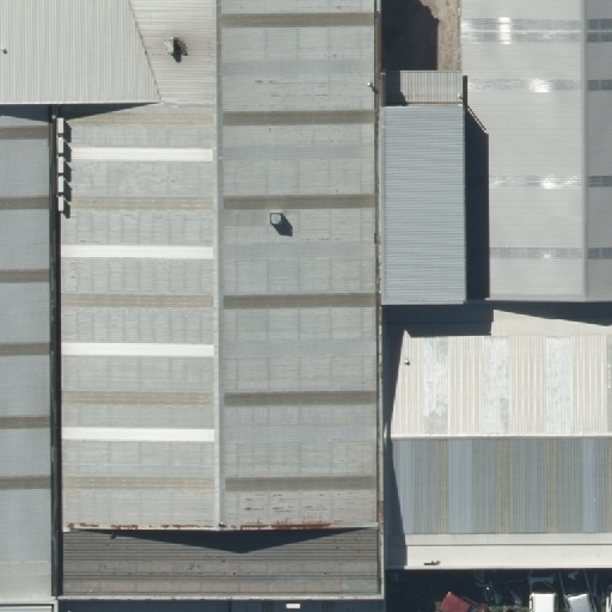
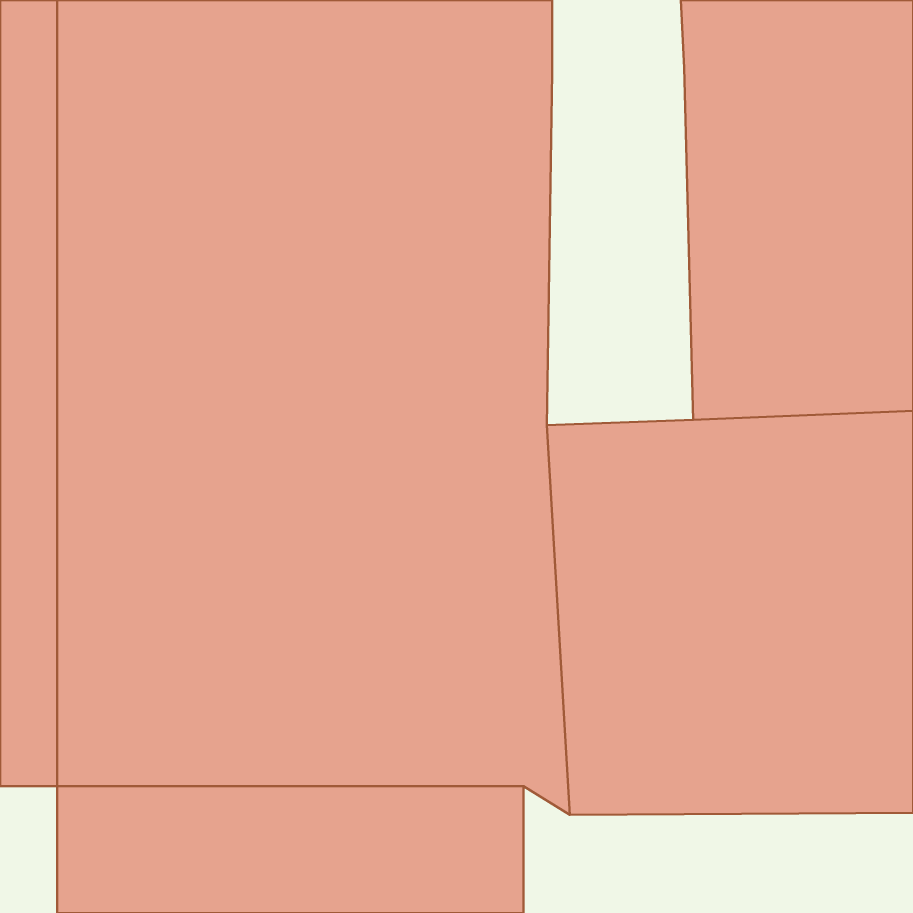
building: [366,45,464,284] -> none

